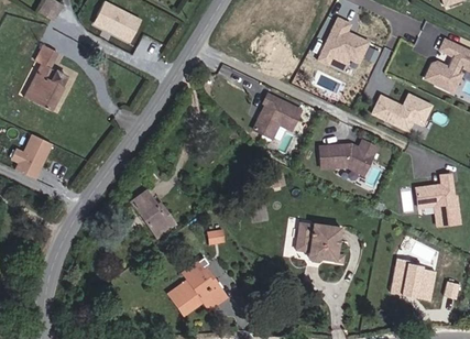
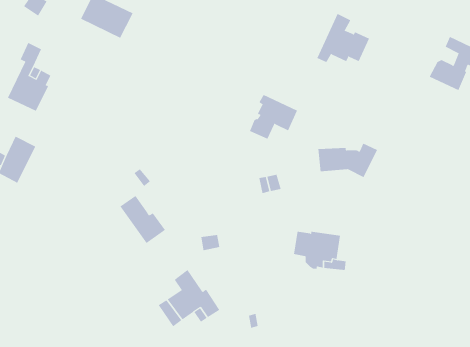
building: [372,95,431,131] -> none
building: [416,174,459,226] -> none
building: [391,260,438,298] -> none

